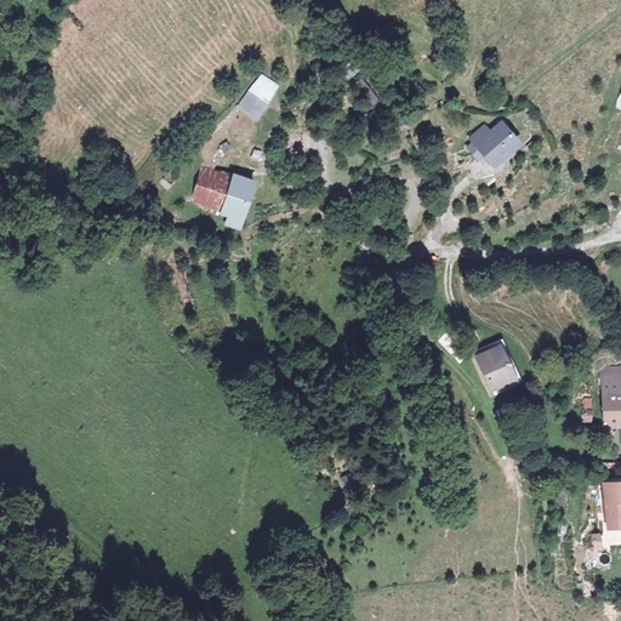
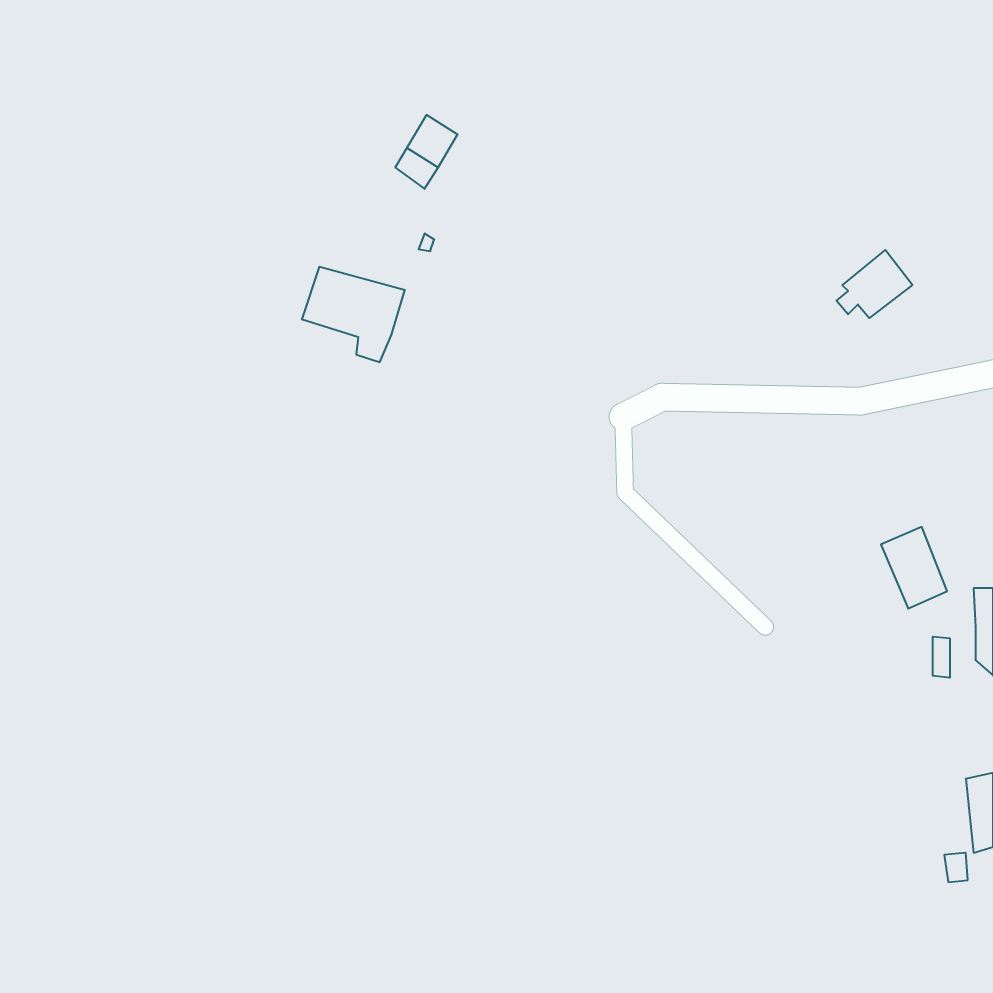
building: [477,119,524,161] -> [836,250,912,318]
building: [474,343,515,394] -> [881,527,947,609]

